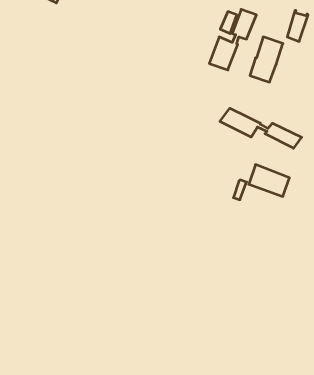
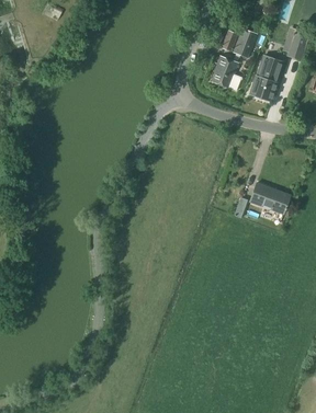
building: [220,108,302,148] -> none

